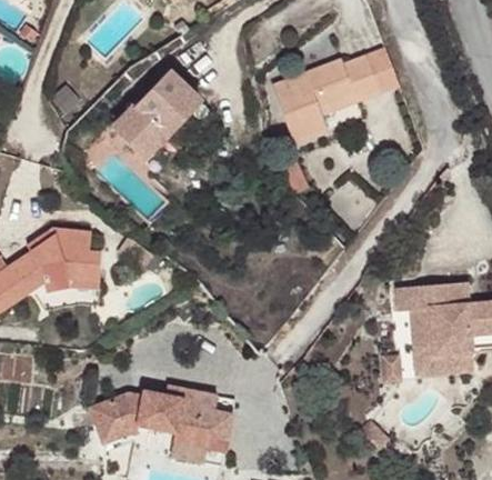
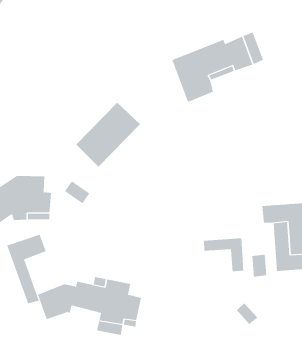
building: [110,73,199,162] -> [75,102,141,168]
building: none -> [7,234,46,304]
building: none -> [204,238,244,272]

